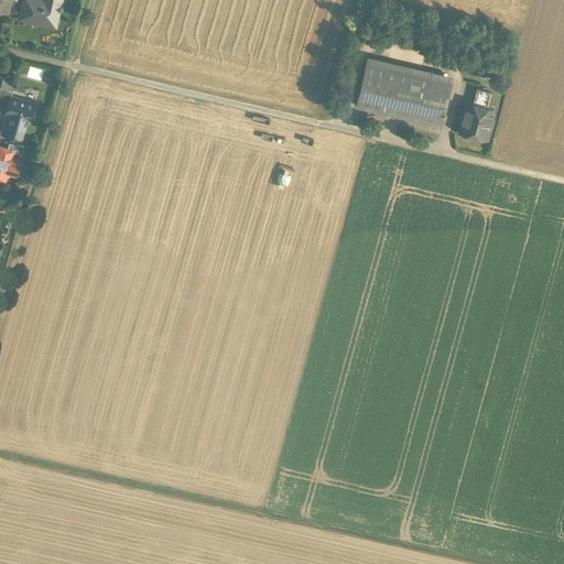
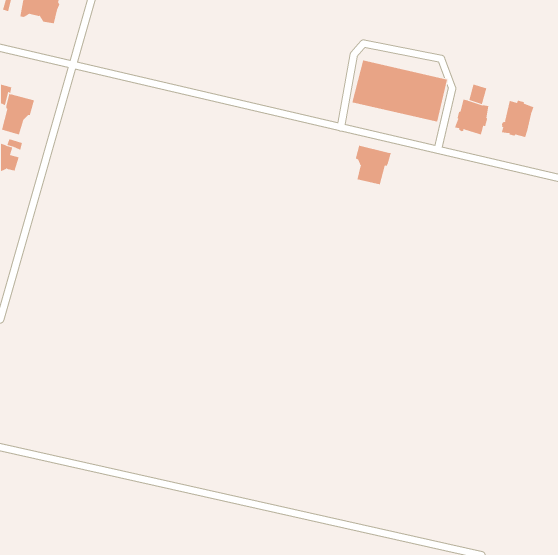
building: none -> [501,100,534,138]
building: none -> [355,145,392,185]

